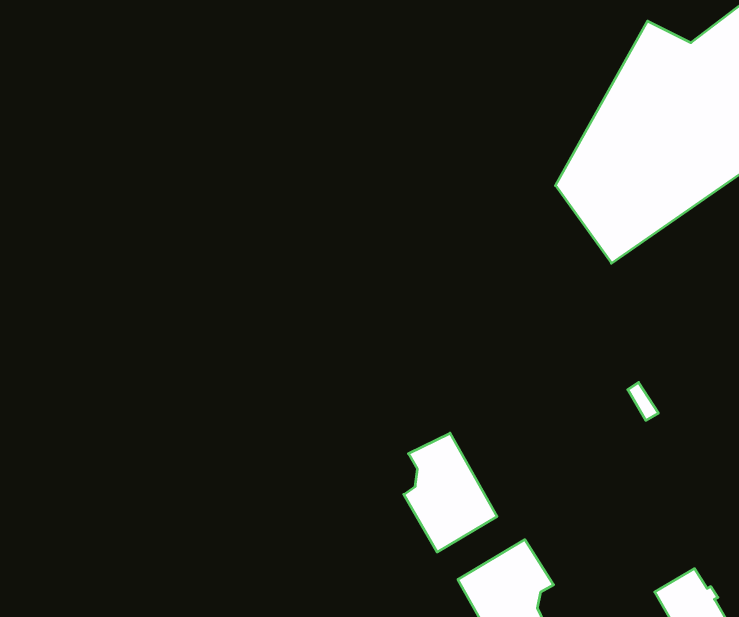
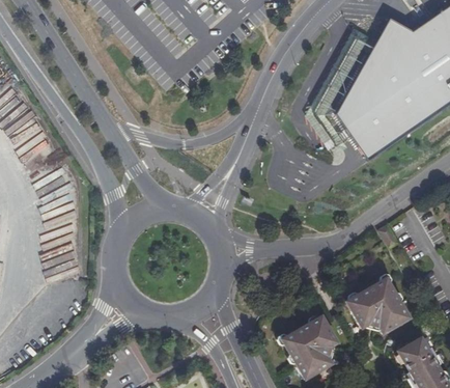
building: [404,433,497,552] -> none
building: none -> [345,277,410,332]

